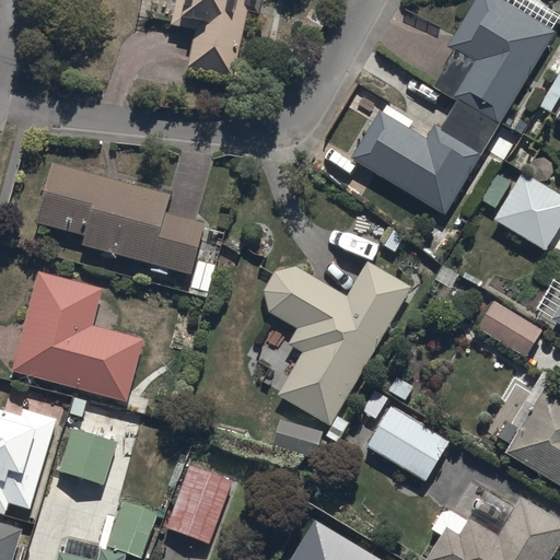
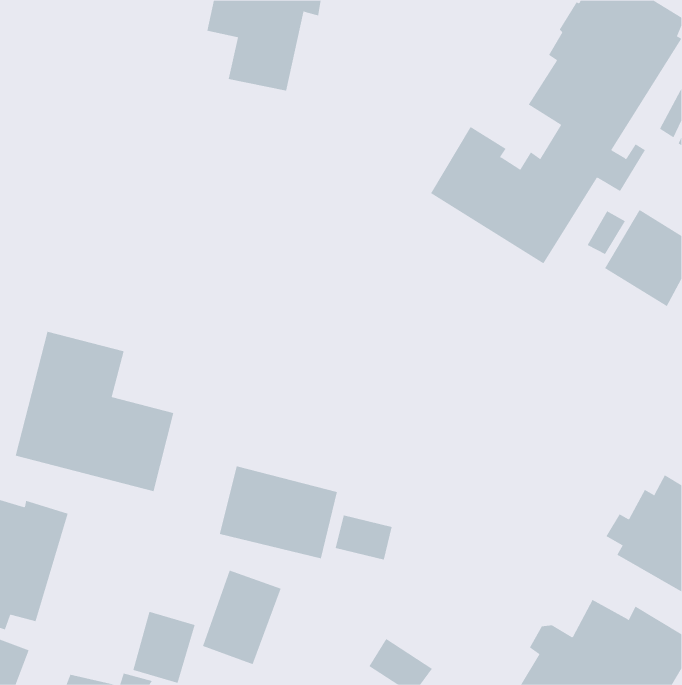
building: [35,162,214,291] -> none
building: [262,260,411,432] -> none
building: [476,300,542,357] -> none
building: none -> [219,465,337,559]
building: [365,406,448,480] -> none
building: [58,427,116,483] -> none

